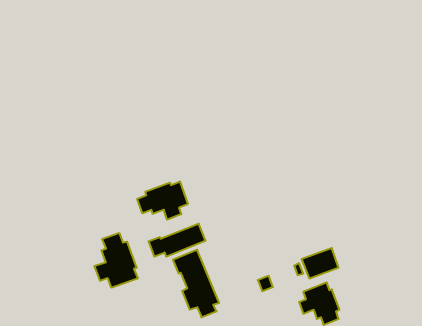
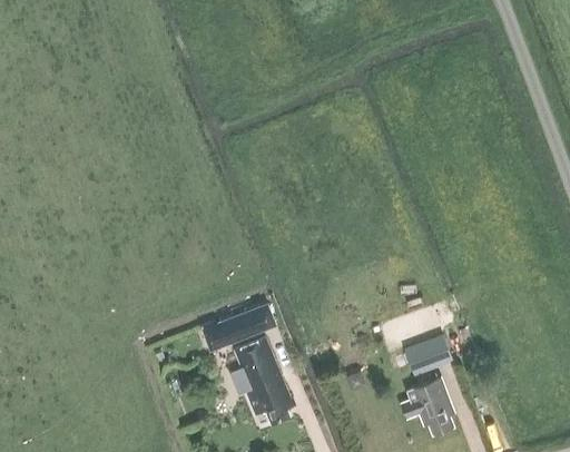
building: [137,181,188,220] -> none
building: [94,233,138,288] -> none

